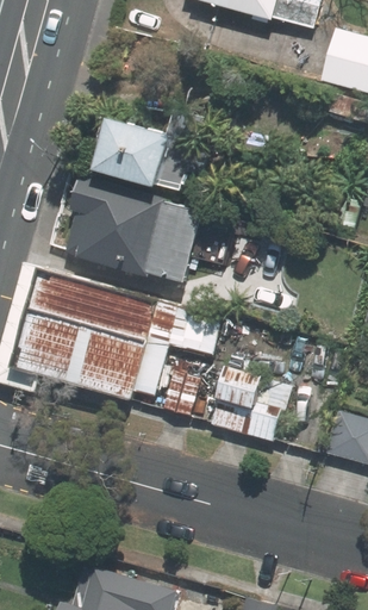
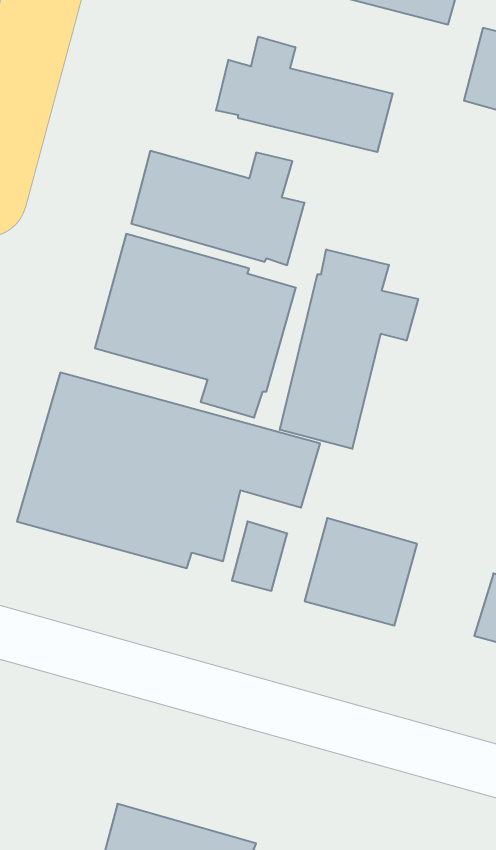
building: none -> [216,37,393,152]
building: none -> [280,249,418,449]

